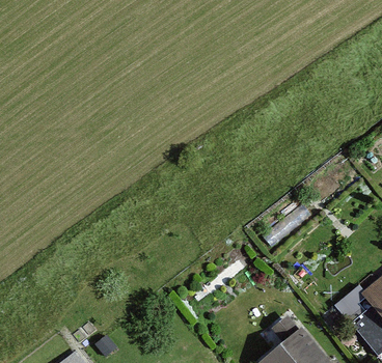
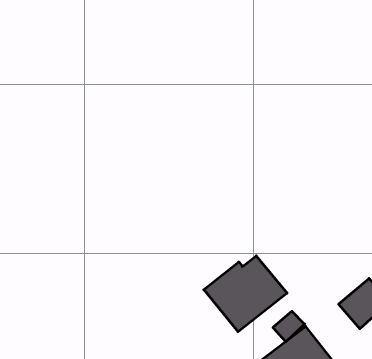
building: none -> [204,256,287,332]

